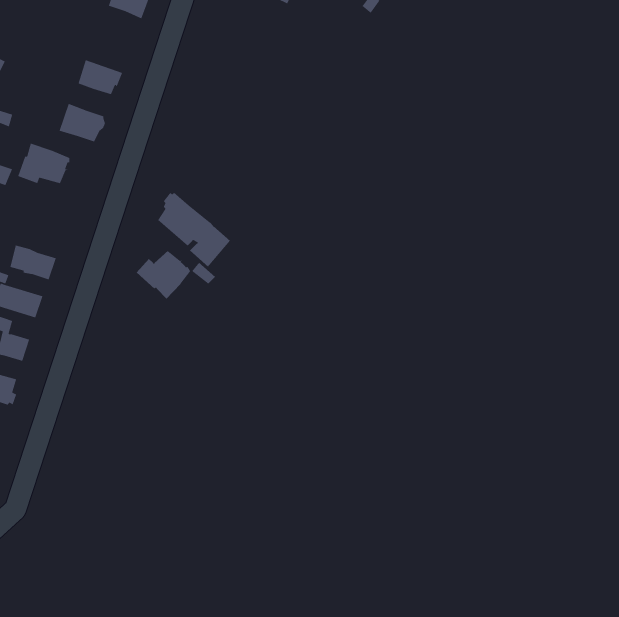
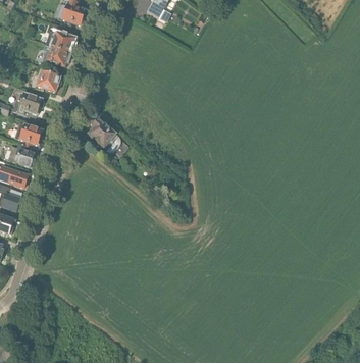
building: none -> [49,22,74,54]
building: none -> [14,122,43,148]
building: [136,250,191,299] -> none

